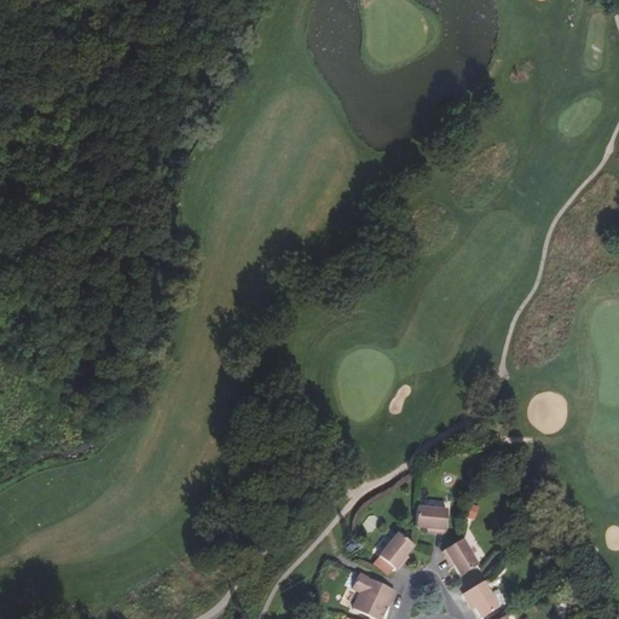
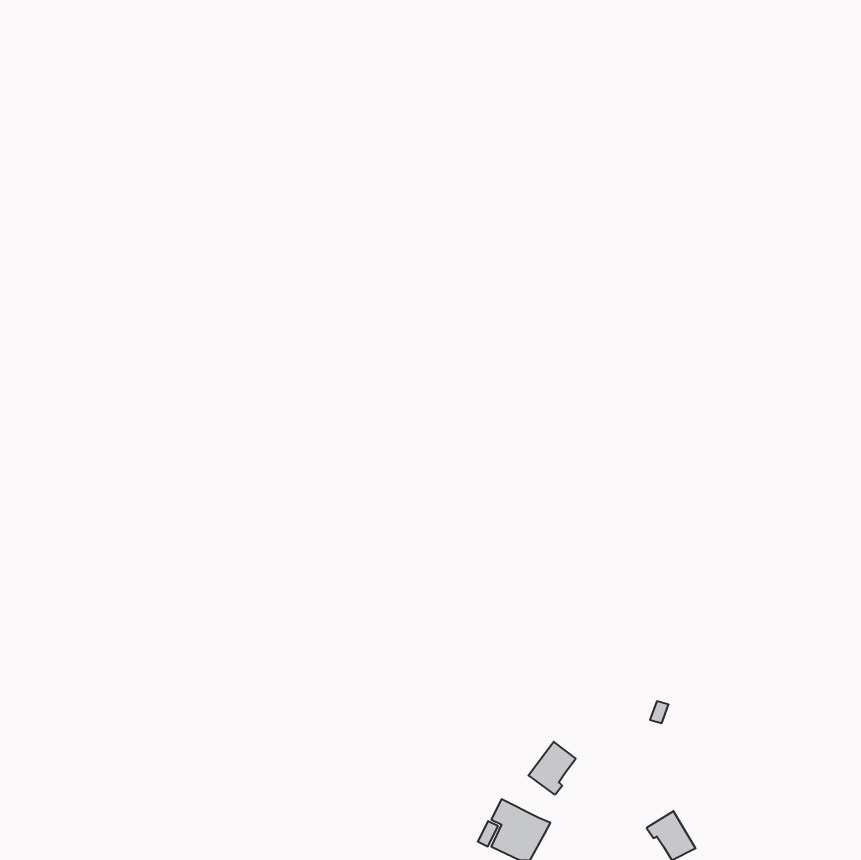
building: [416,504,447,530] -> none
building: [442,538,478,574] -> none

